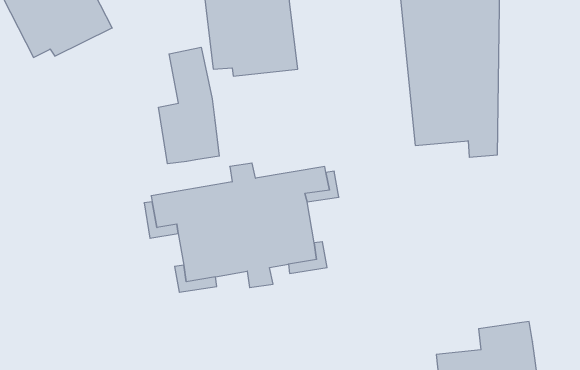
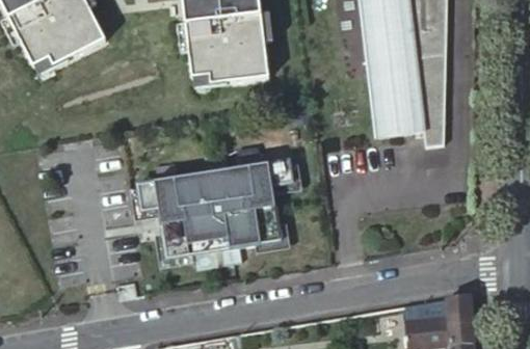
building: [159,47,219,164] -> none

